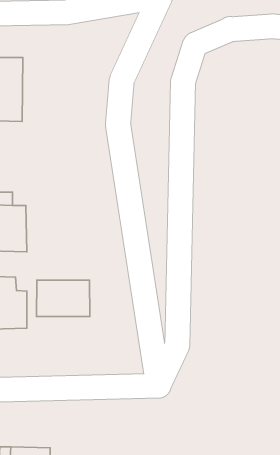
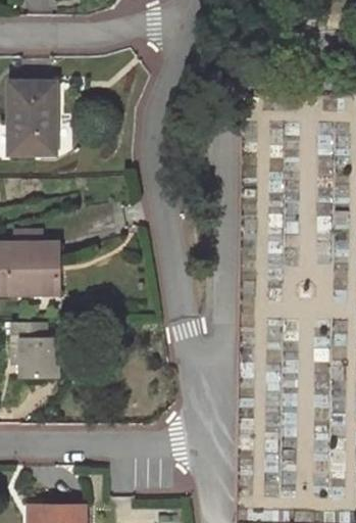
building: [36,280,90,317] -> none

